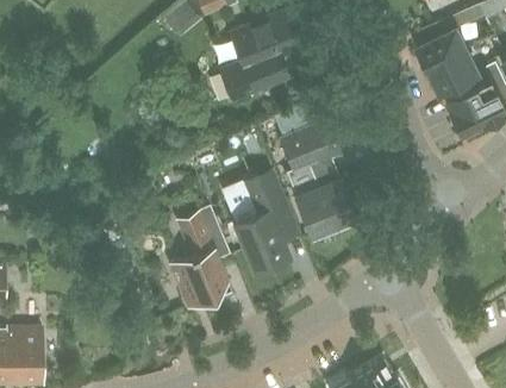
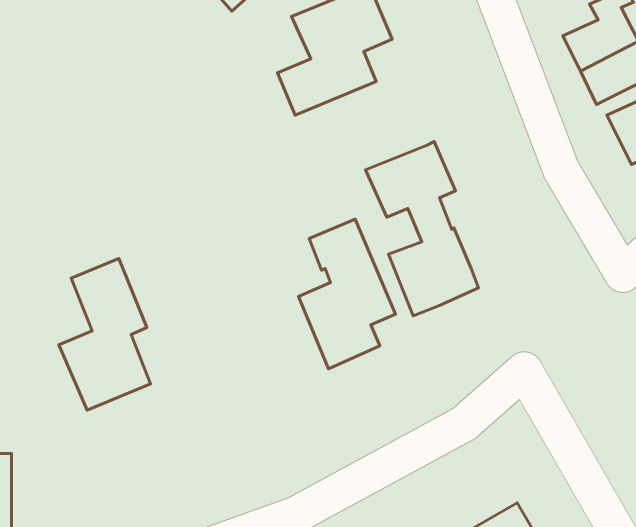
building: [170,206,232,308] -> [59,259,150,410]

